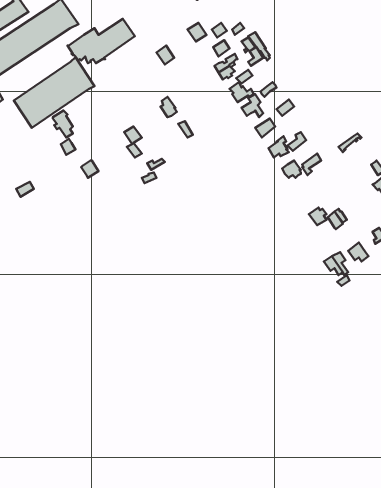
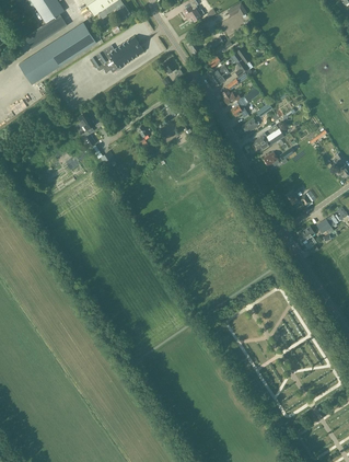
building: [14,57,94,128] -> none

